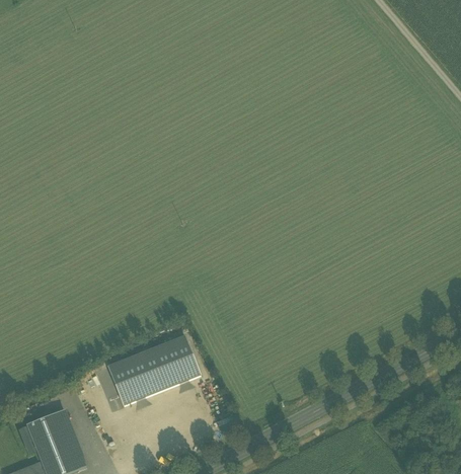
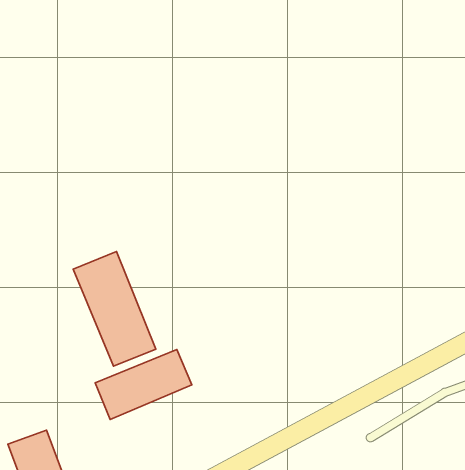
building: none -> [73,251,156,366]

